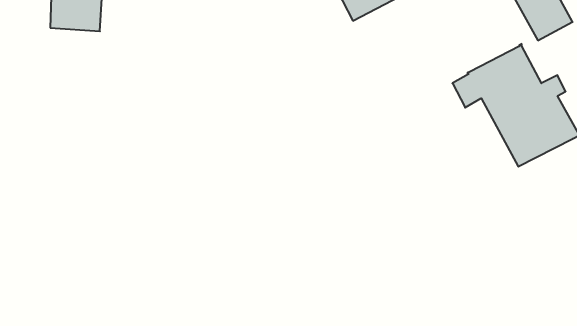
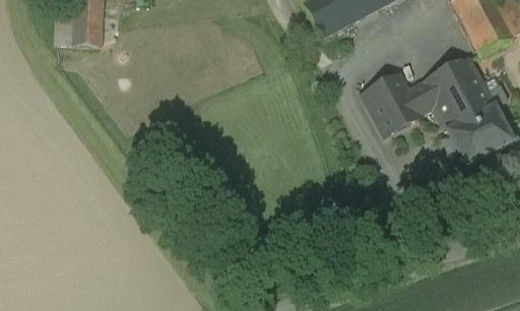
building: none -> [364,74,421,133]

